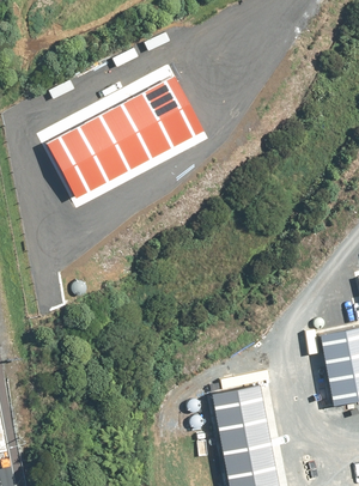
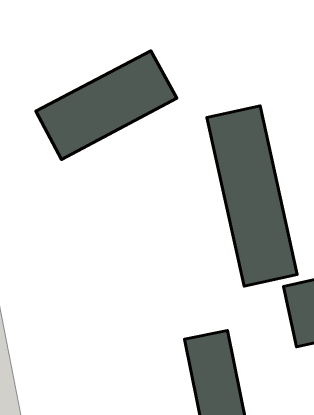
building: none -> [207,106,297,286]

